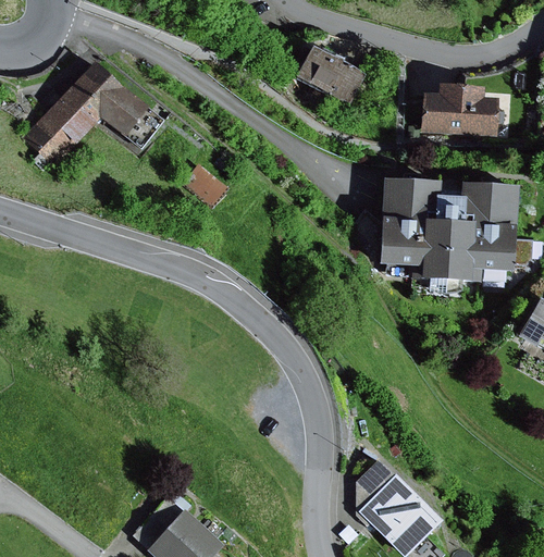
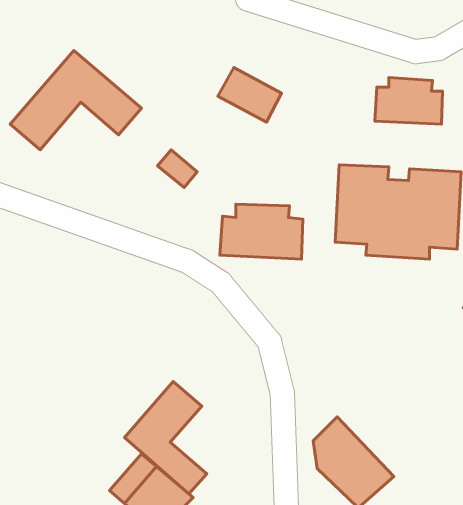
building: [296,48,366,108] -> [218,67,281,122]
building: none -> [220,204,303,259]
building: none -> [125,381,207,494]

